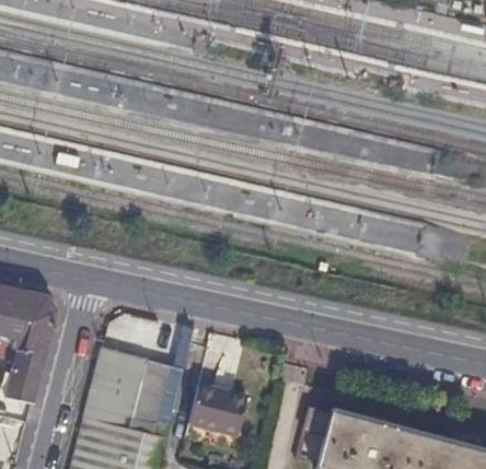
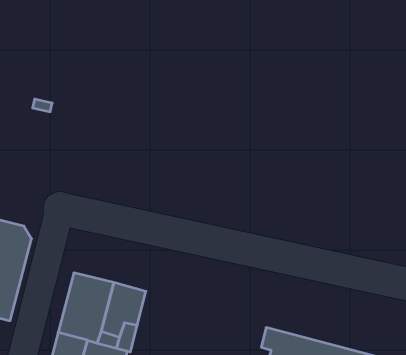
building: [188,385,246,435] -> none

